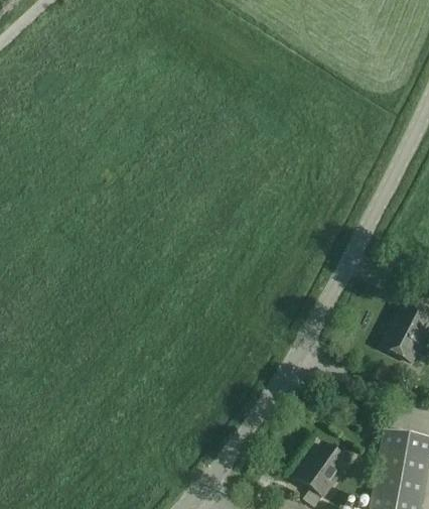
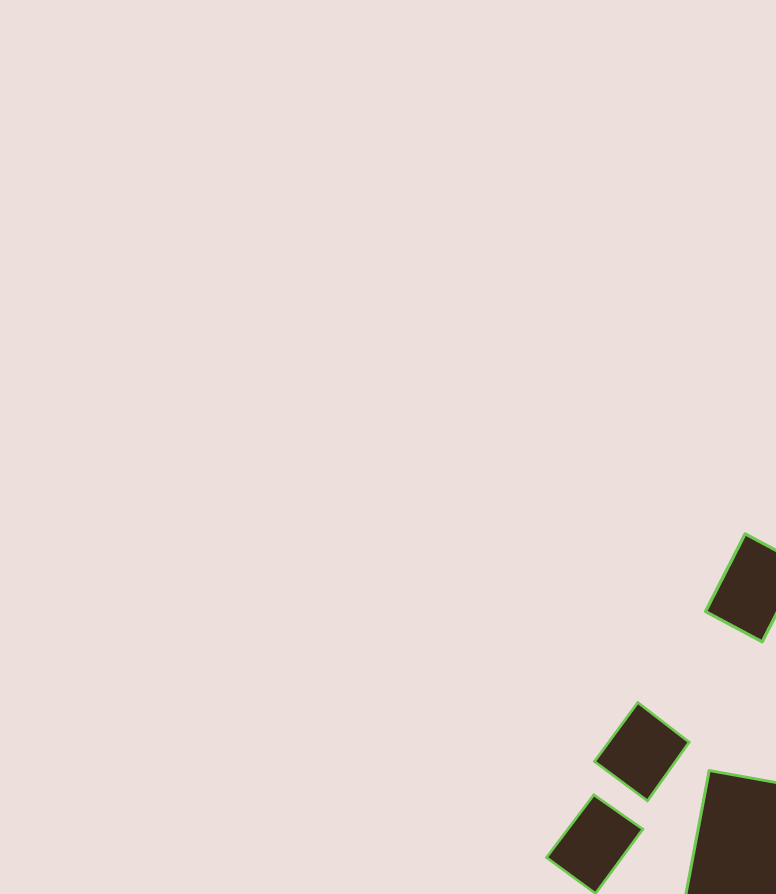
building: none -> [595,703,689,801]

